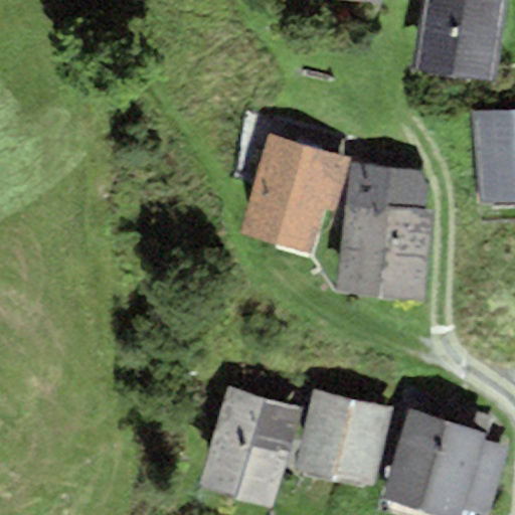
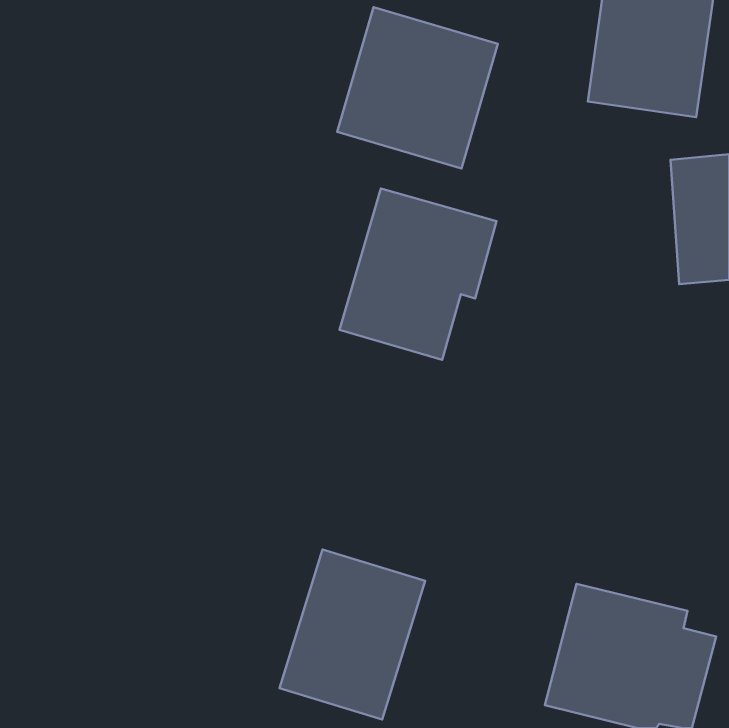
building: none -> [337,7,498,168]
building: [339,162,435,301] -> none
building: [297,391,391,488] -> none

